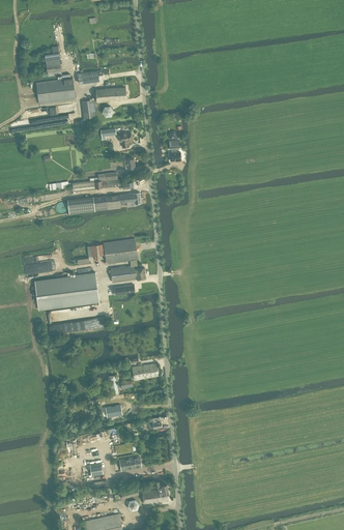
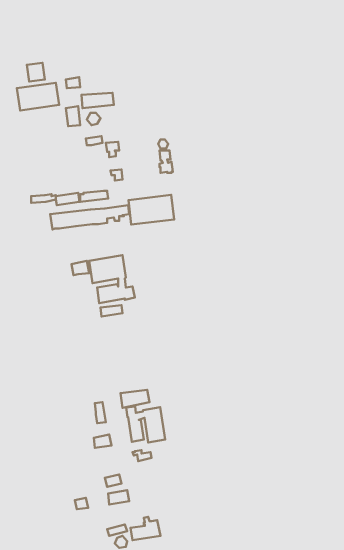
building: none -> [128,195,174,225]
building: [34,272,97,308] -> none
building: none -> [126,407,165,442]

